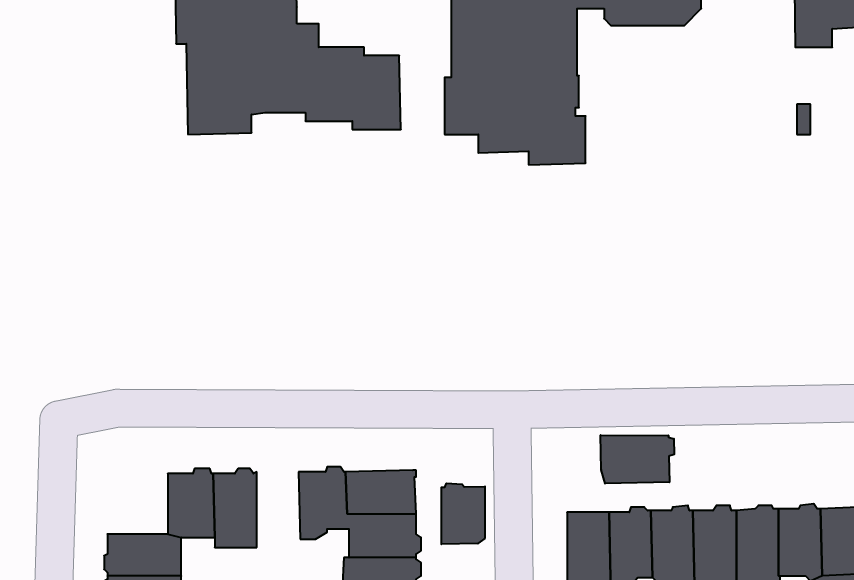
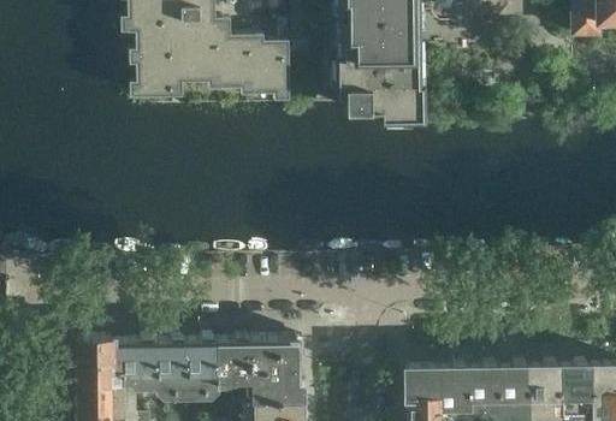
building: [601,435,674,484] -> none
building: none -> [186,337,218,393]
building: none -> [79,338,123,384]
building: [441,483,485,544] -> none

